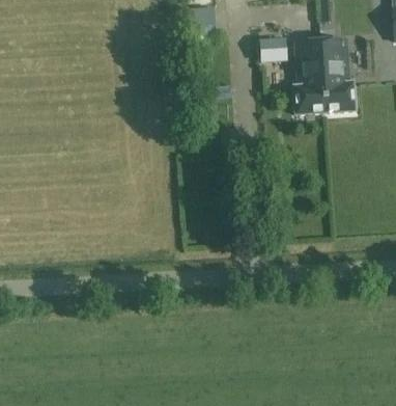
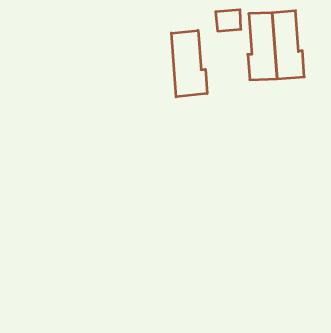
building: none -> [171,30,207,97]

